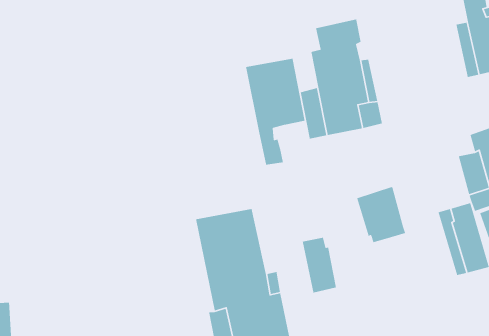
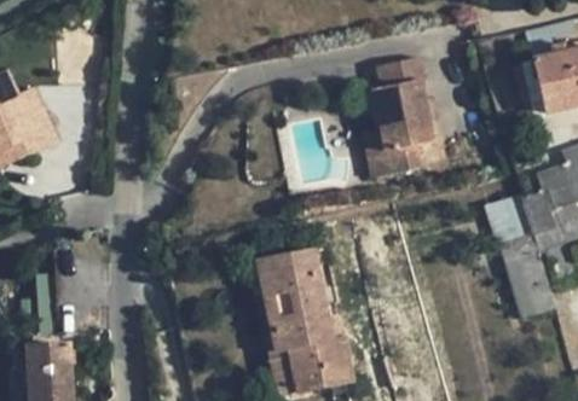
building: [245,58,306,166] -> none
building: [356,186,406,243] -> [486,194,537,252]
building: [302,237,337,293] -> none

